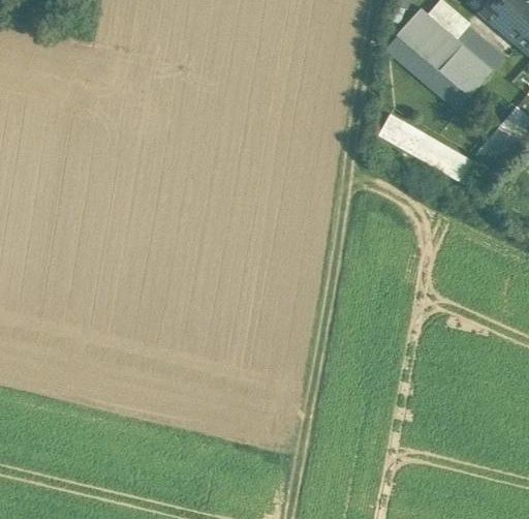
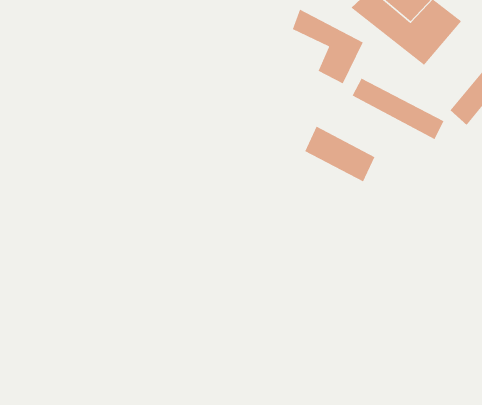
building: none -> [292,8,364,84]
building: none -> [304,126,375,183]

